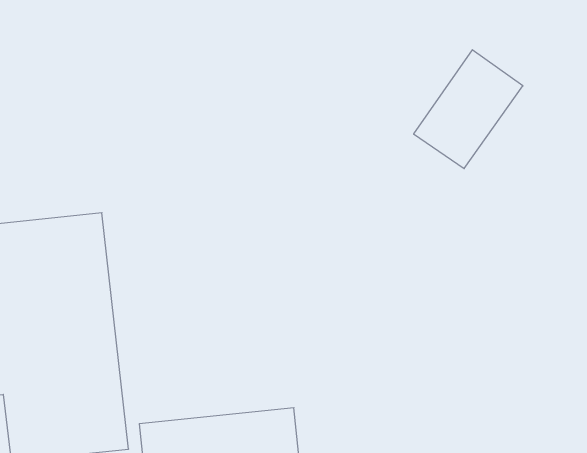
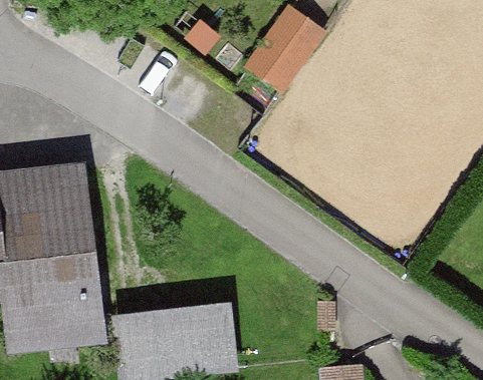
building: [414,50,523,169] -> [232,10,314,99]

